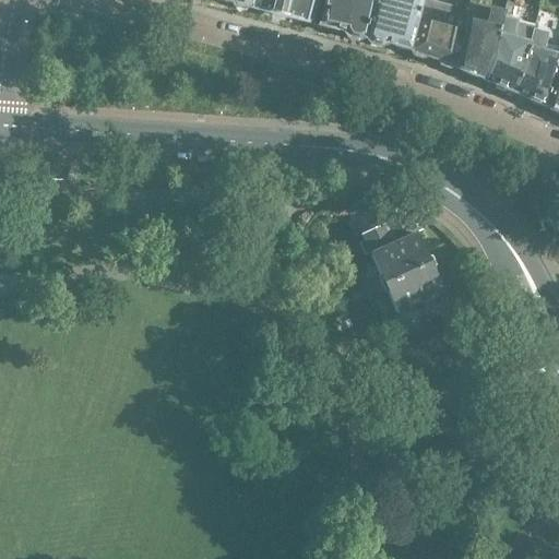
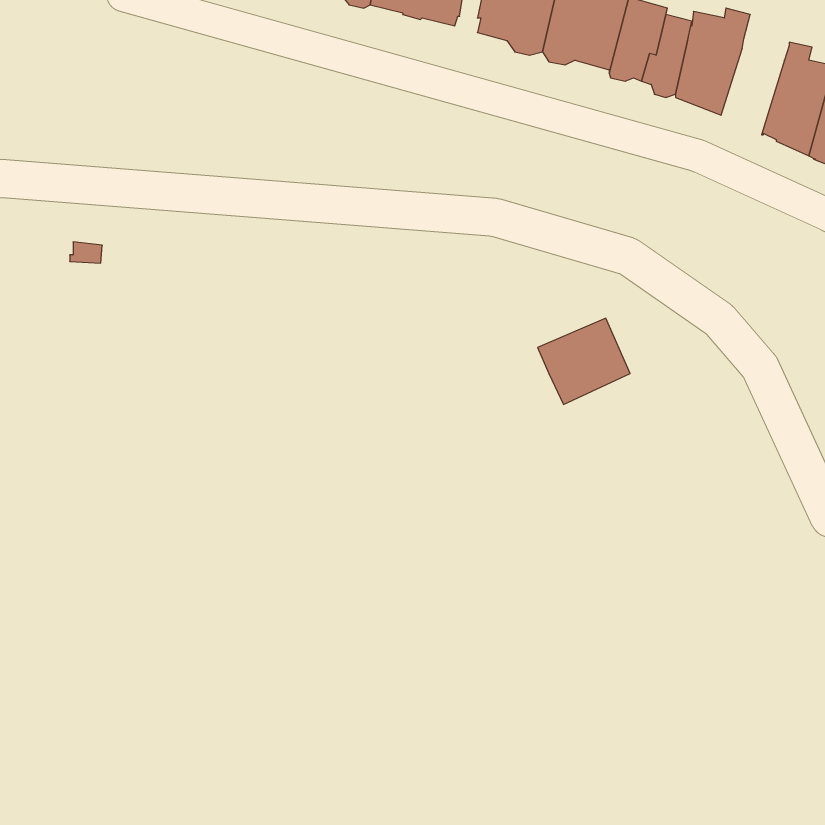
building: [488,15,534,91] -> none
building: [382,251,444,310] -> none

